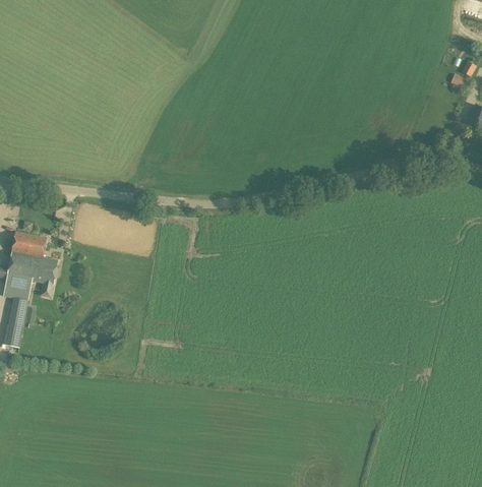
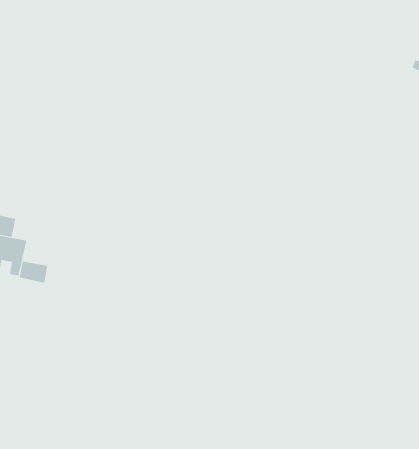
building: none -> [19,261,48,283]

